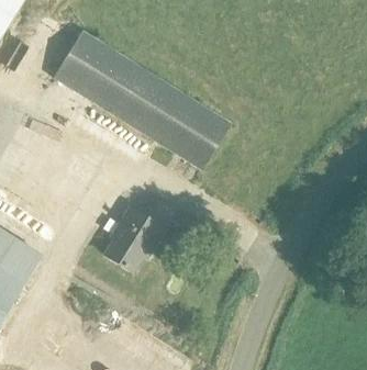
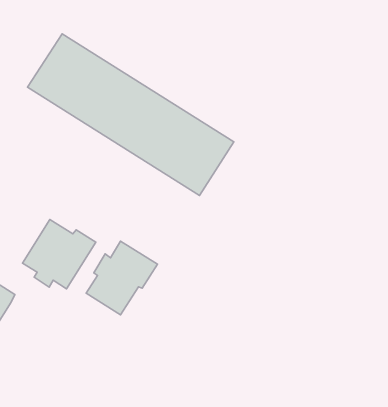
building: none -> [22,219,96,289]

